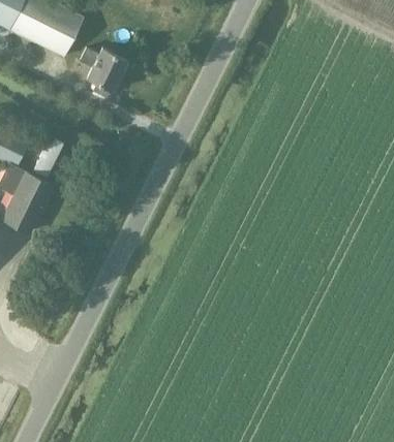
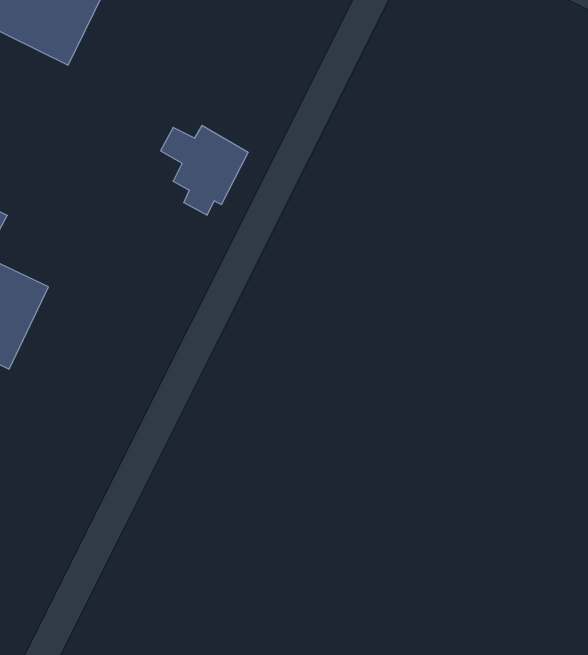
building: [77,45,127,97] -> [161,126,248,215]

